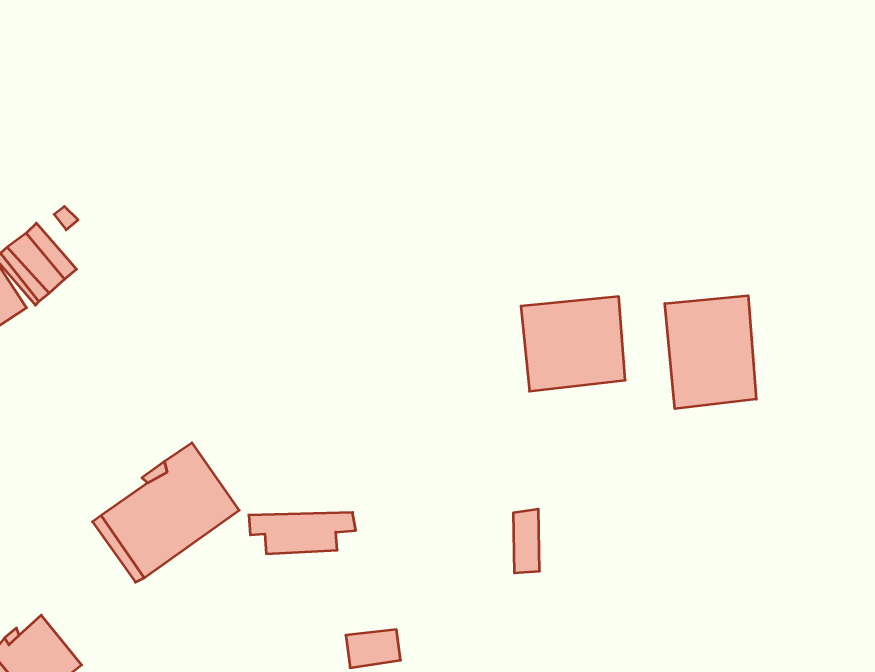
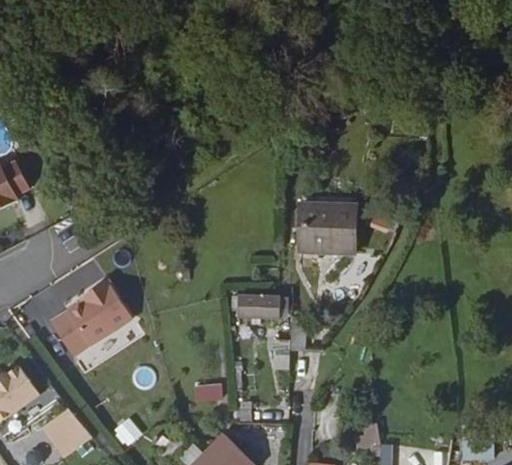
building: [665,296,756,409] -> none
building: [249,512,356,554] -> [231,300,289,323]

